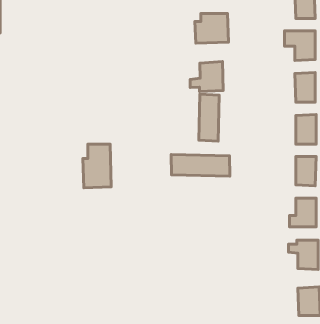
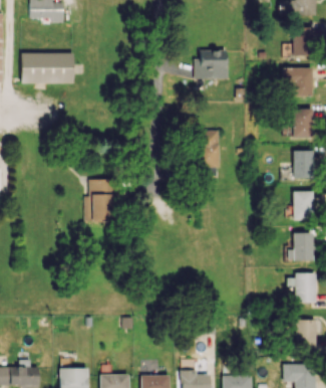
building: none -> [21,52,74,83]
building: [190,61,223,91] -> none
building: [171,154,230,176] -> none

